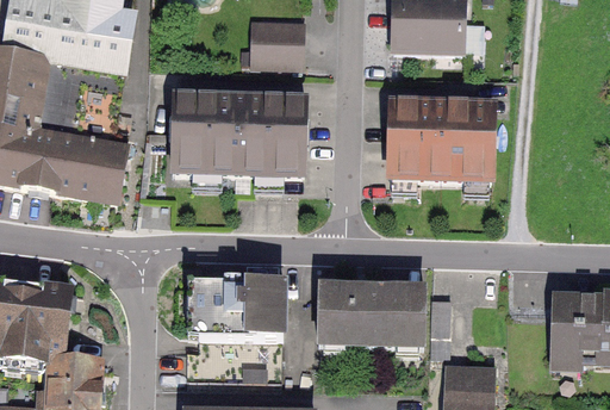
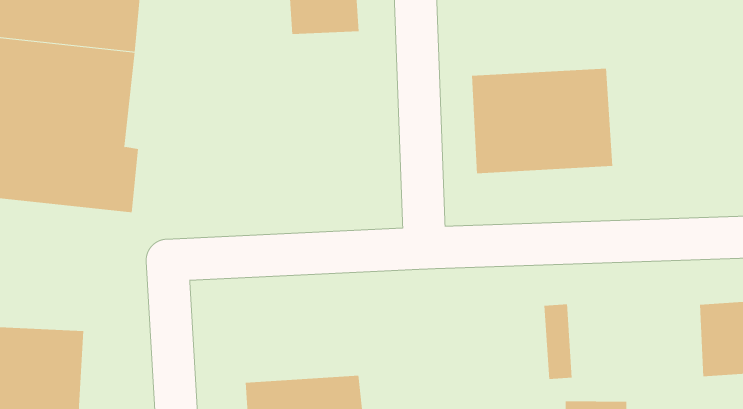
building: [169,95,305,180] -> none
building: [201,279,281,324] -> none
building: [317,287,422,347] -> none

